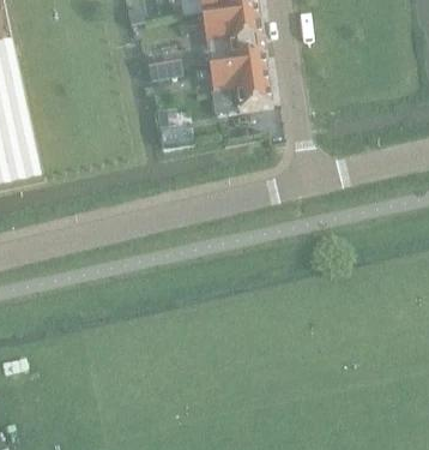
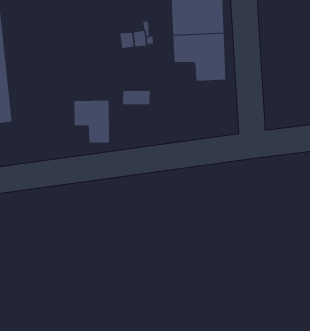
building: none -> [74,100,110,144]

